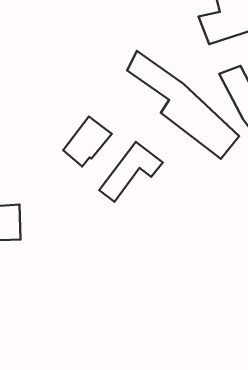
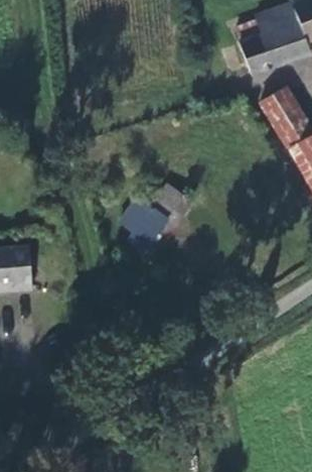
building: [127,51,239,159] -> none
building: [63,117,112,166] -> none

